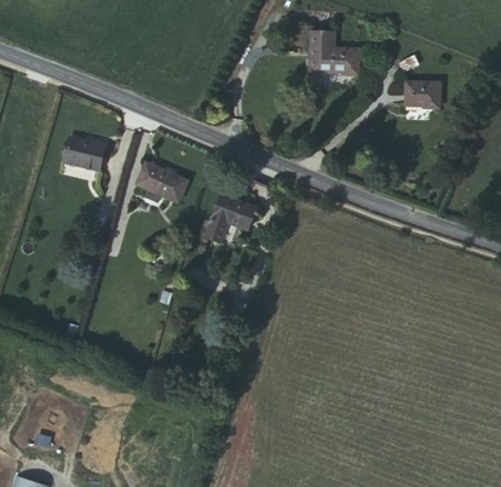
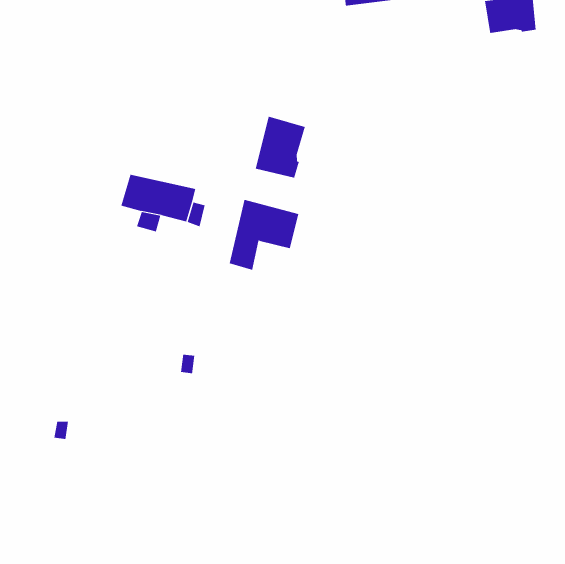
building: [64,136,105,170] -> none
building: none -> [255,116,305,179]

